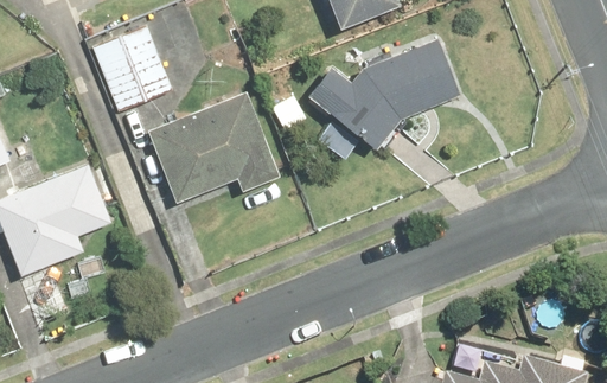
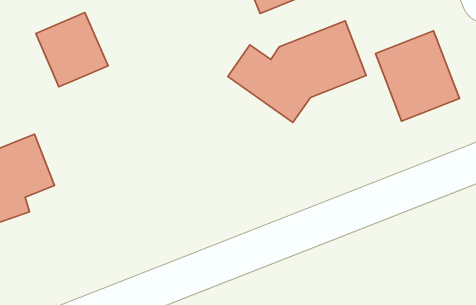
building: none -> [376,31,459,121]
building: [146,88,282,200] -> none

